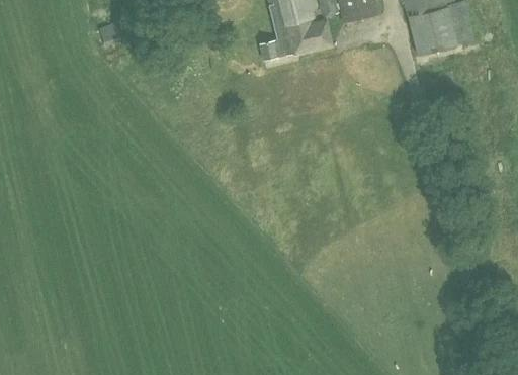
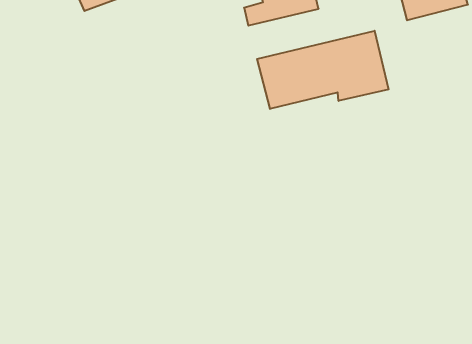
building: none -> [257,31,389,109]

